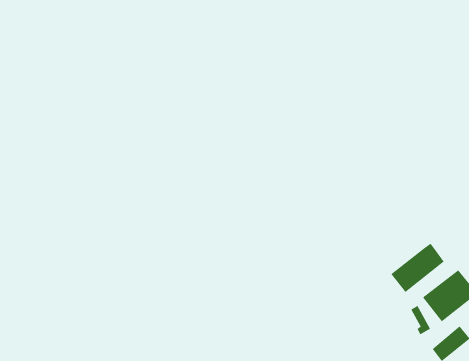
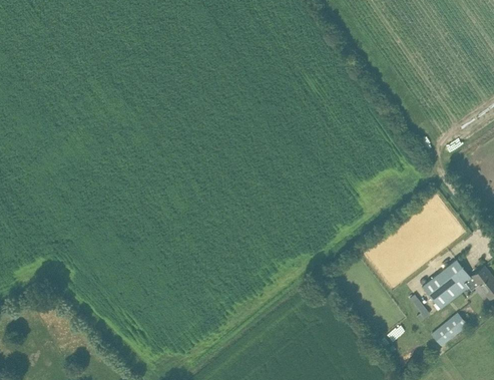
building: [391,243,444,293] -> none

